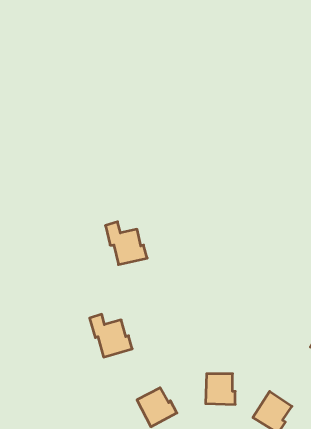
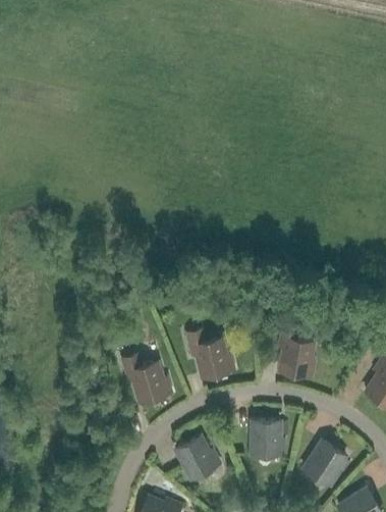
building: [105,222,147,265] -> [188,330,234,377]
building: none -> [280,325,315,376]

